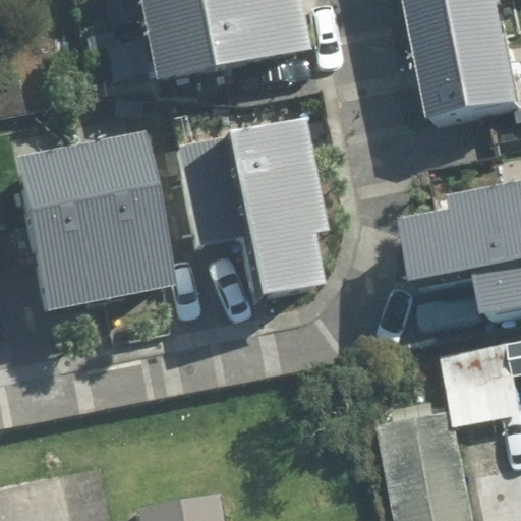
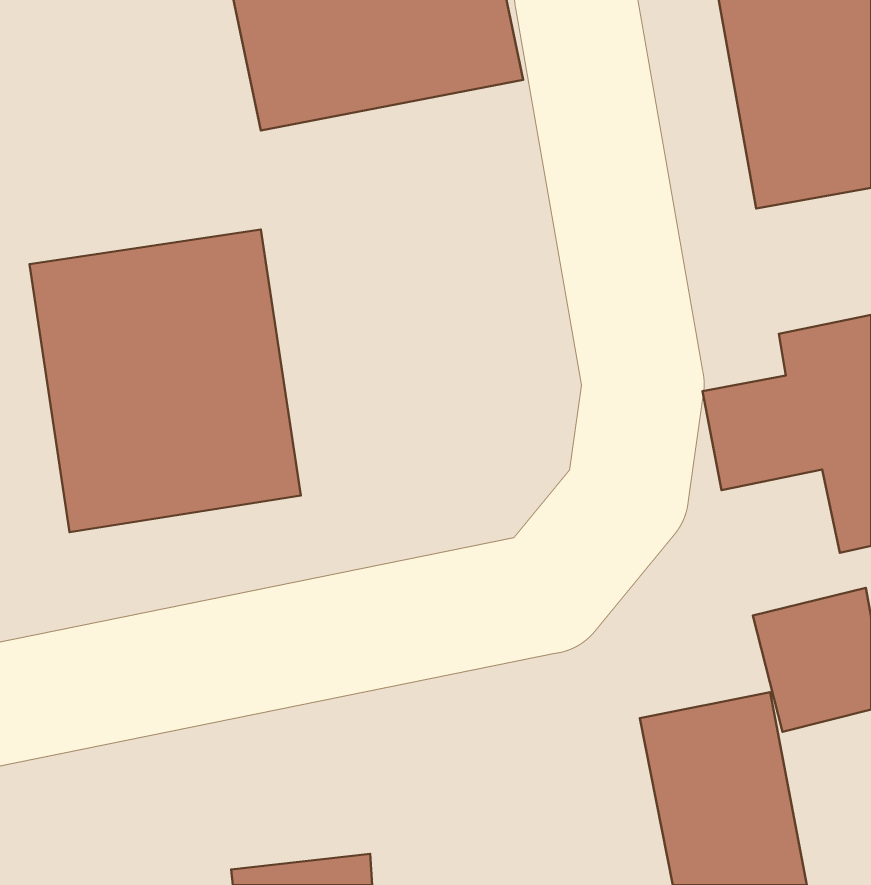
building: [168,118,328,299] -> none

